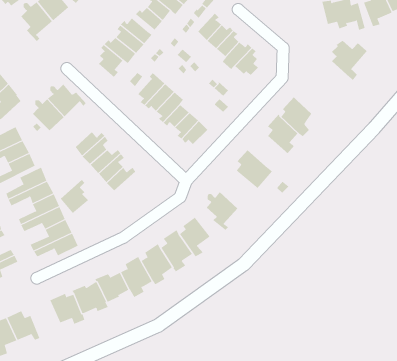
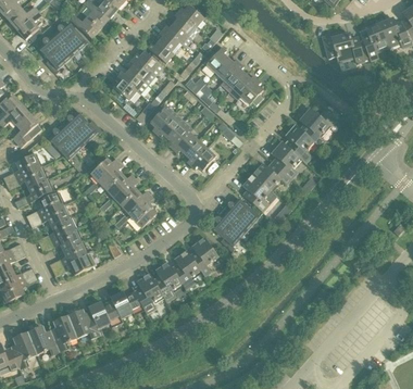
building: [331,40,369,81] -> [299,108,335,146]
building: none -> [252,161,290,189]
building: none -> [226,199,256,229]
building: [60,179,89,214] -> [127,194,154,227]
building: none -> [49,315,76,351]

